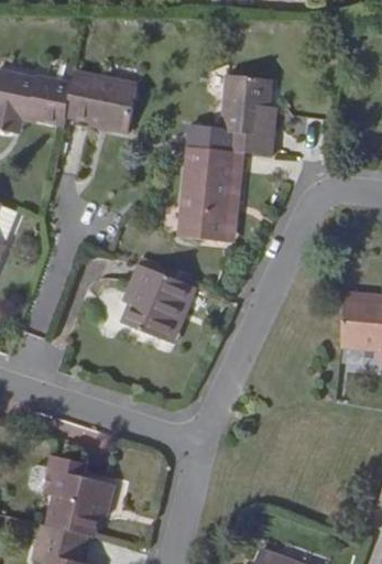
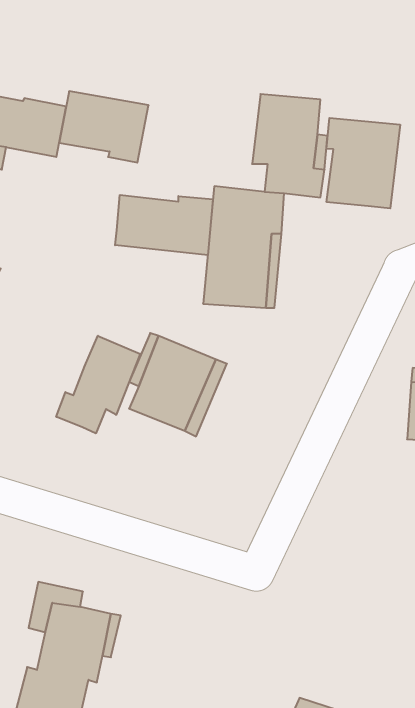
building: none -> [326,118,400,208]
building: none -> [115,195,213,255]
building: none -> [56,336,140,433]

